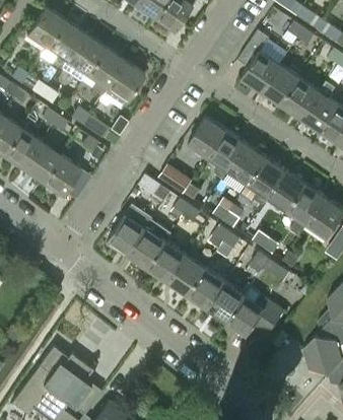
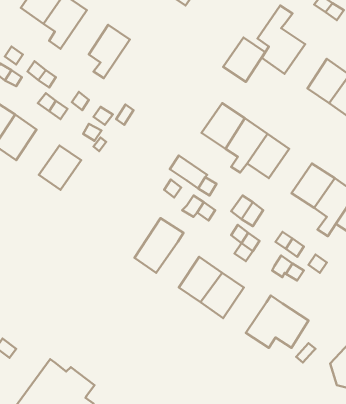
building: [62,34,105,82] -> none
building: [100,61,144,109] -> none
building: [262,65,299,104] -> [223,37,265,82]
building: [22,141,61,182] -> none
building: [249,158,286,205] -> none
building: [108,214,146,256] -> none
building: [147,241,186,282] -> none
building: [207,282,246,323] -> none

